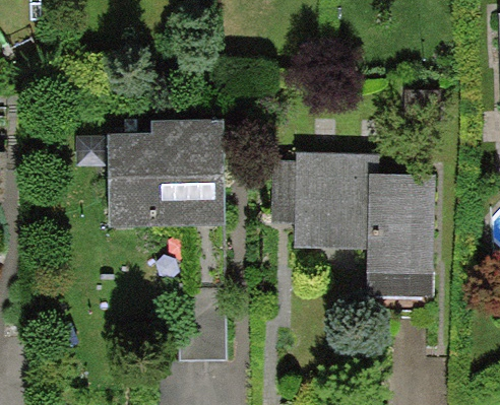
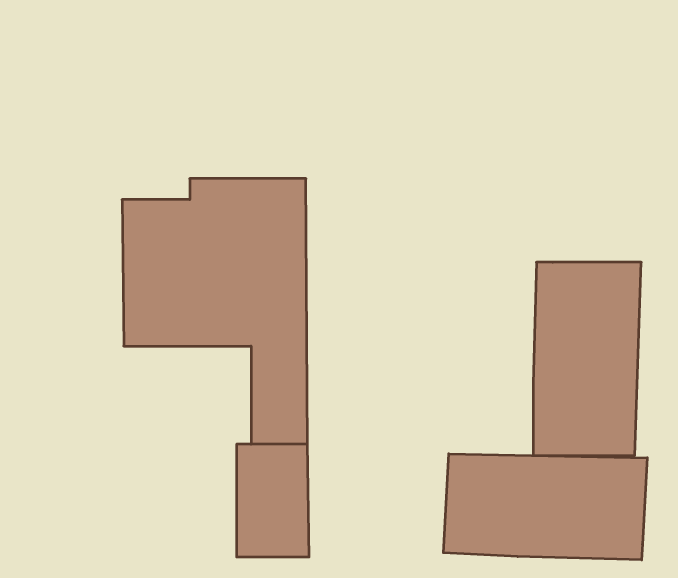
building: [271,151,380,251] -> none
building: none -> [443,454,647,560]

